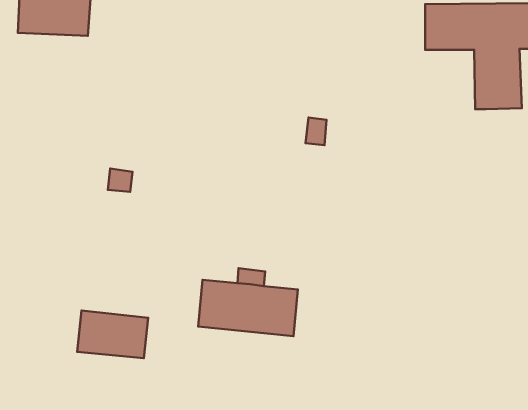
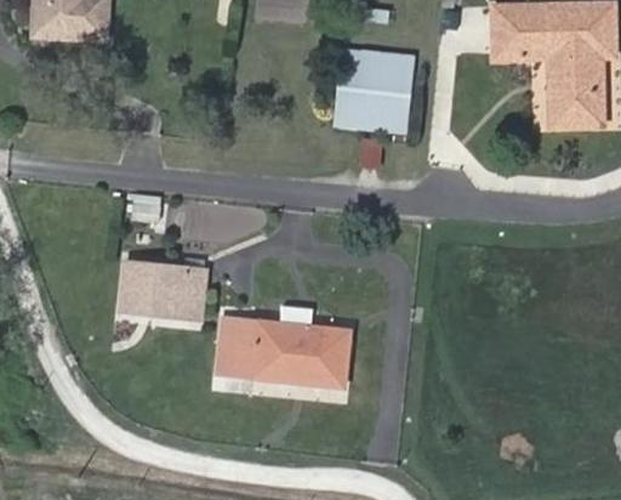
building: none -> [331,46,414,133]
building: [77,310,148,358] -> [123,263,204,318]

